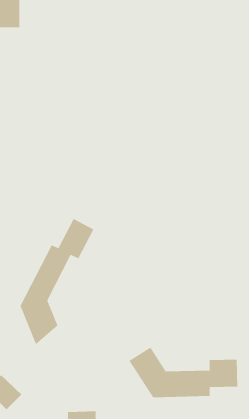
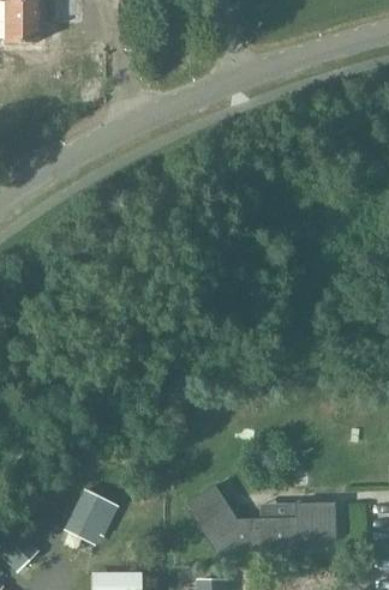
building: [20,218,94,345] -> none
building: none -> [65,488,119,543]

